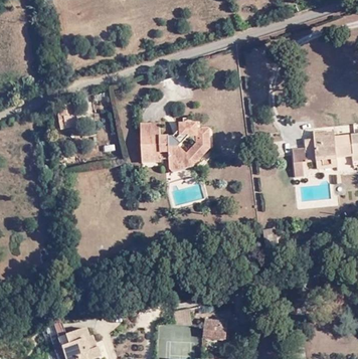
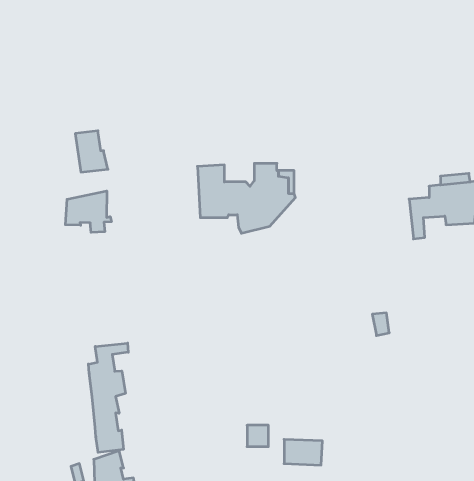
building: none -> [65,191,111,232]
building: none -> [88,343,128,452]

